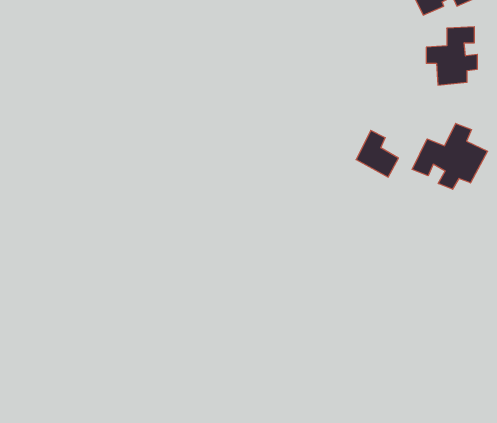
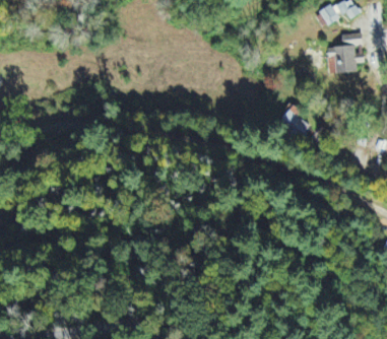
building: [412,123,488,189] -> none

